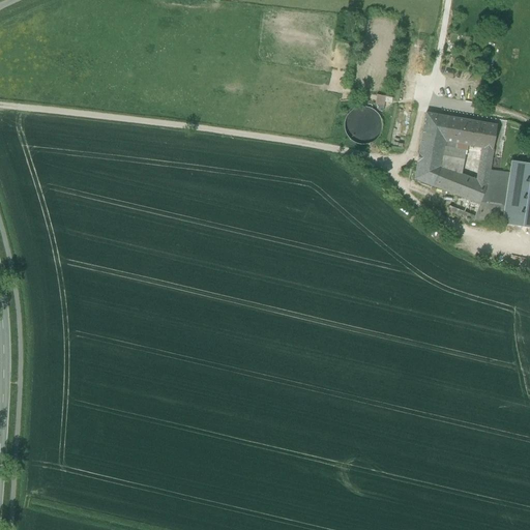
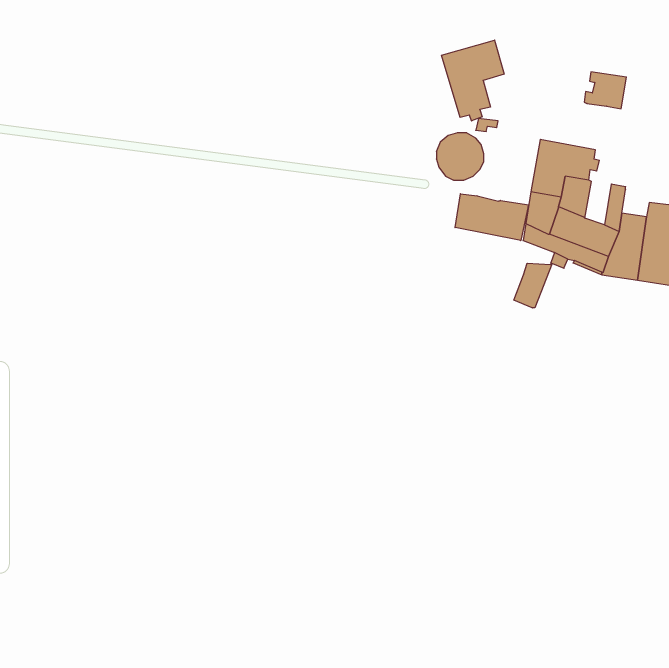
building: none -> [441,40,504,121]
building: [466,118,499,147] -> [584,72,626,109]
building: none -> [455,194,529,241]
building: none -> [514,263,552,308]

